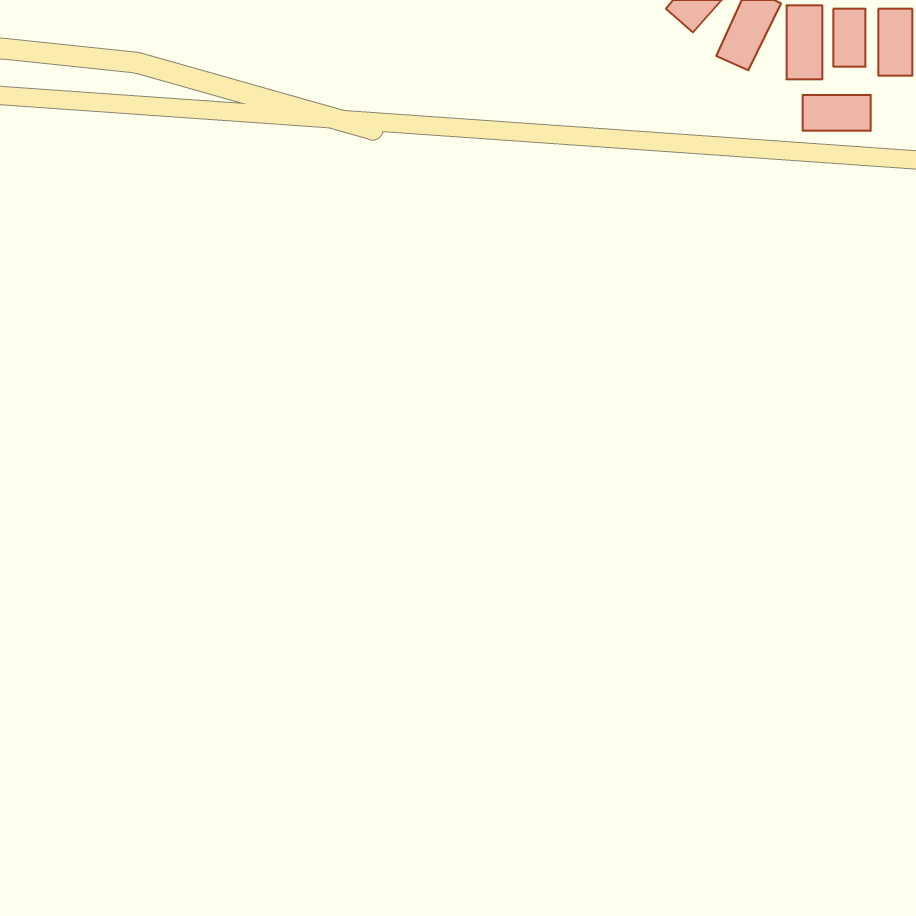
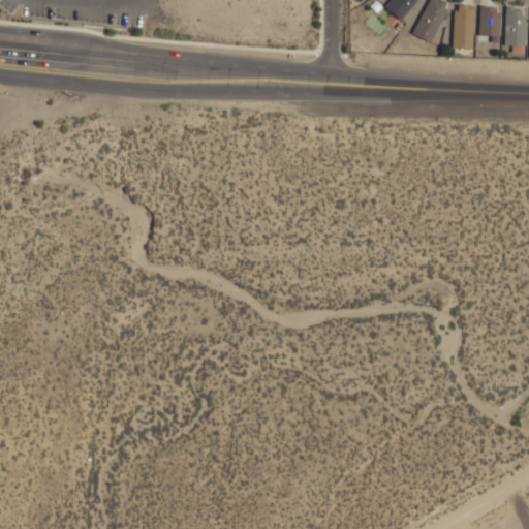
building: [803,95,871,131] -> none

